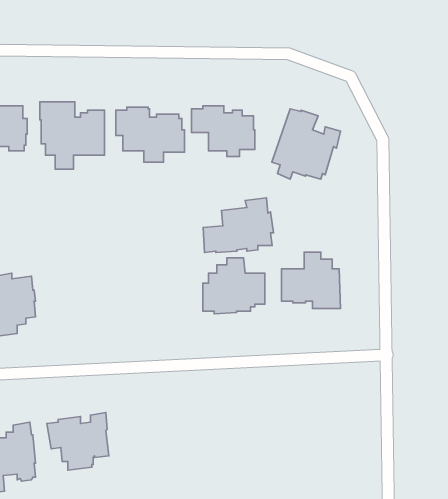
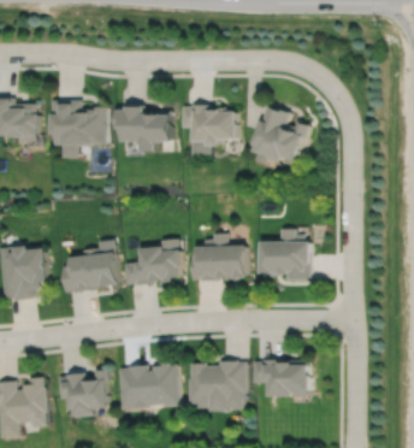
building: [203,198,273,253] -> [124,240,184,287]
building: none -> [60,241,120,295]
building: none -> [252,358,309,395]
building: none -> [187,359,246,408]
building: none -> [120,361,179,408]

